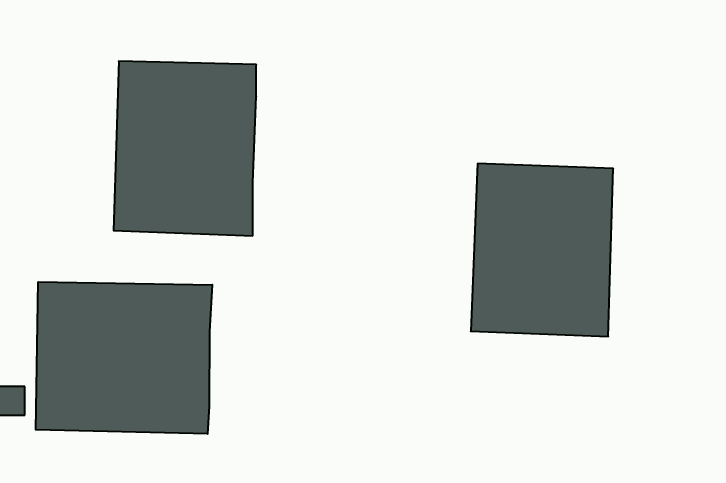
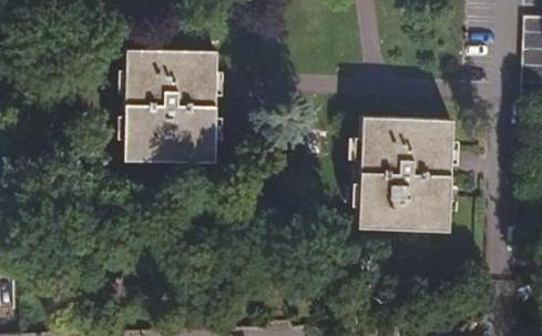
building: [36,282,212,434] -> none

